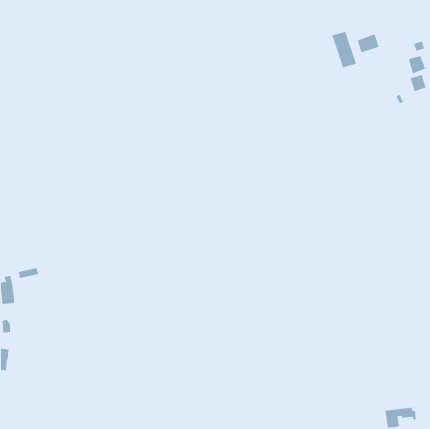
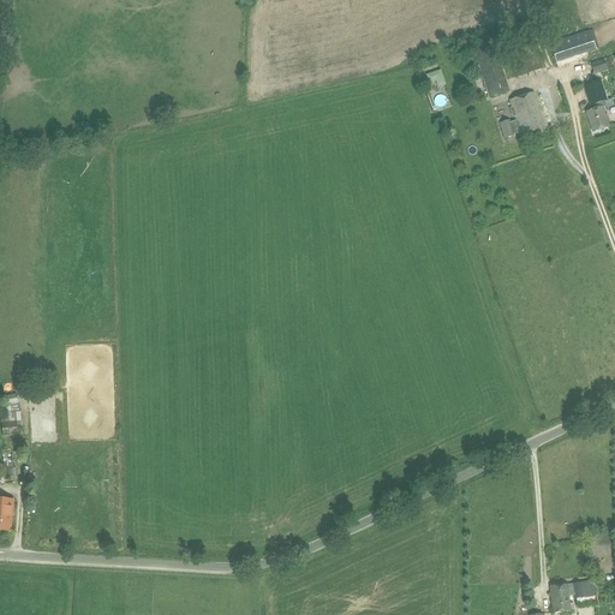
building: none -> [550,30,596,61]
building: none -> [500,91,545,138]

